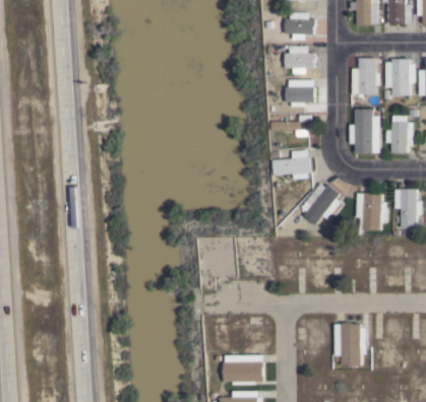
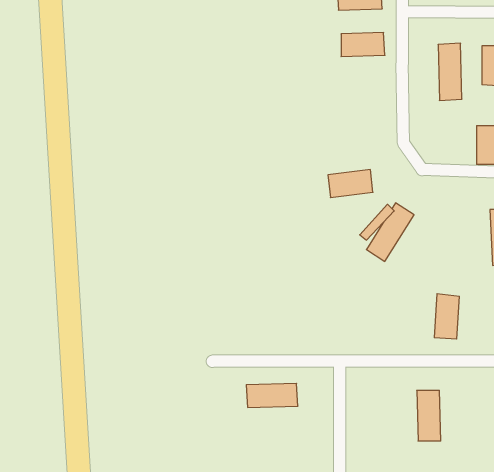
building: [280,86,313,105] -> none
building: [354,112,372,154] -> none
building: [361,194,380,228] -> [434,294,459,339]
building: [225,361,264,380] -> [246,383,298,407]

